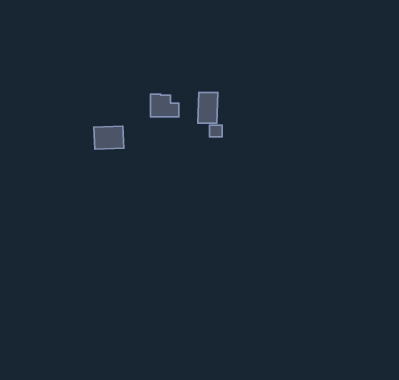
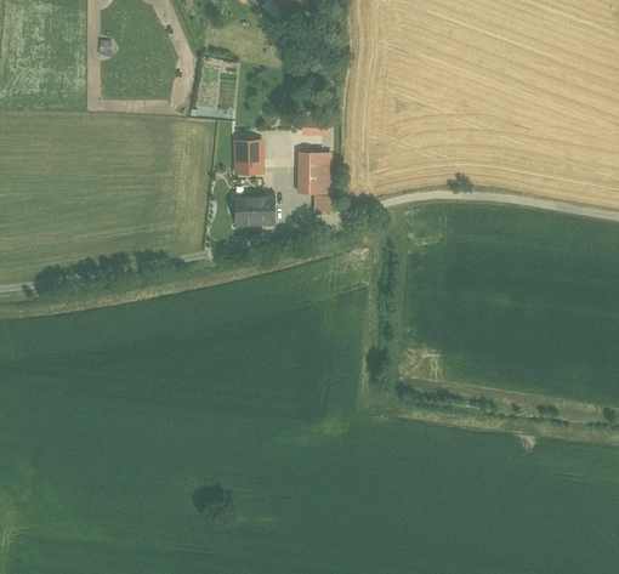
building: [94,126,124,149] -> [235,193,276,223]

